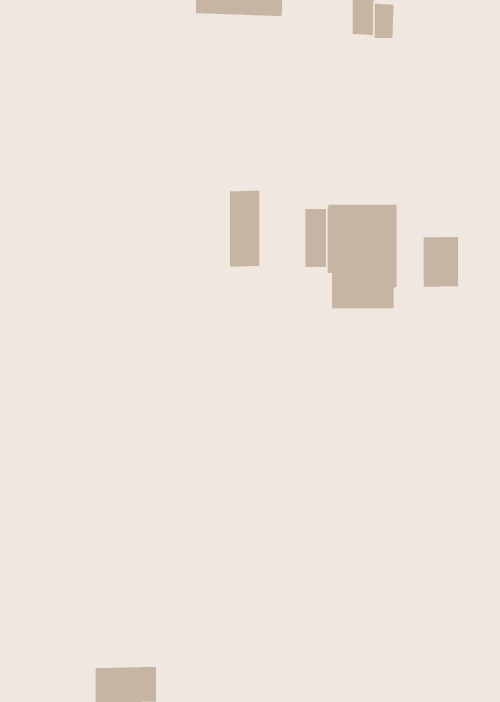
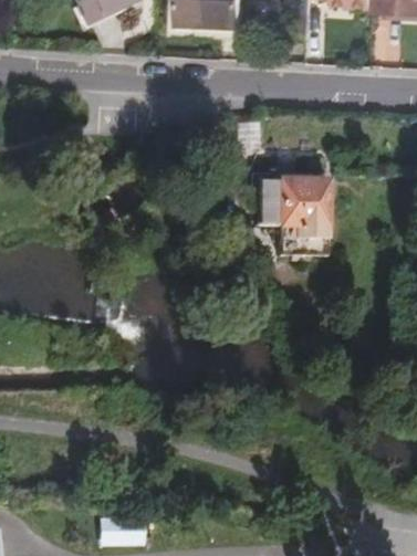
building: [229,190,260,268] -> none
building: [423,236,458,288] -> none

